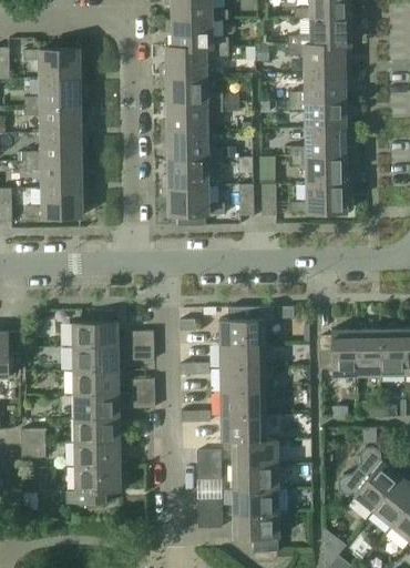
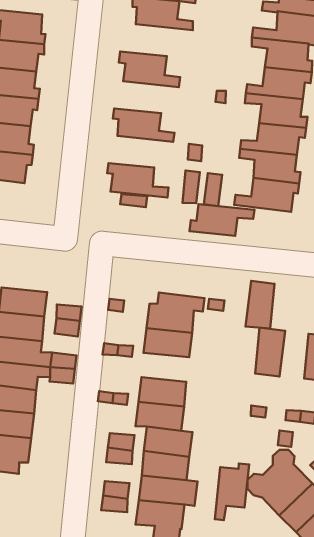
building: [160,45,228,75] -> none
building: [161,103,222,132] -> none
building: [162,158,223,186] -> [190,204,254,236]
building: [356,329,380,375] -> [246,281,275,328]
building: [219,367,265,393] -> none
building: none -> [215,464,249,520]

